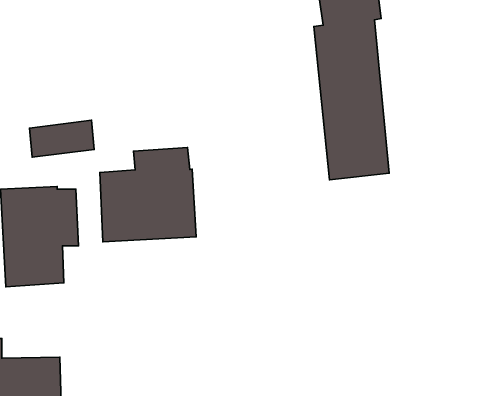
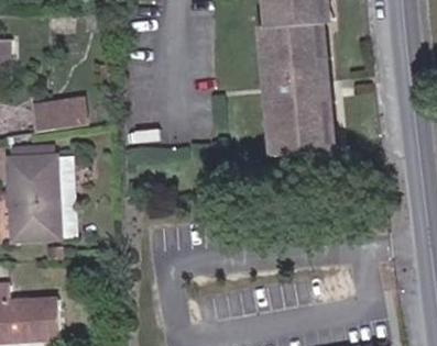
building: [100,148,196,242] -> none

